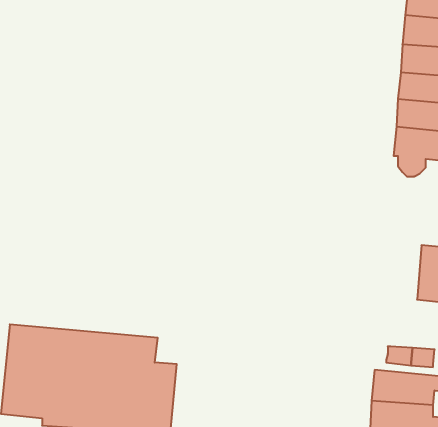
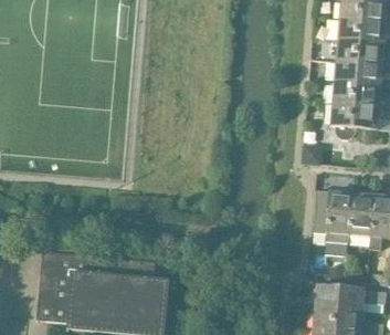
building: none -> [313,189,352,244]

